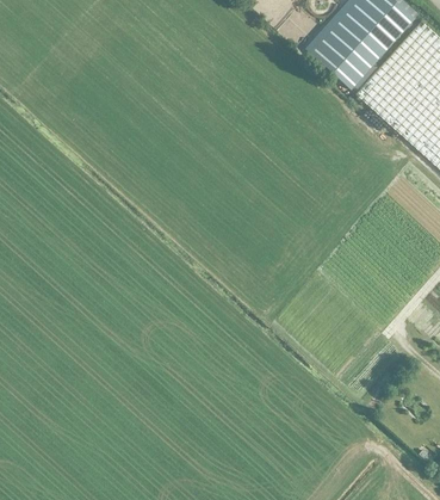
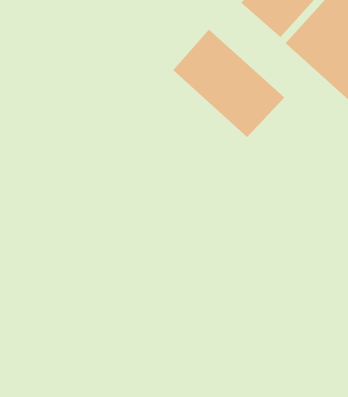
building: none -> [172,29,285,138]

